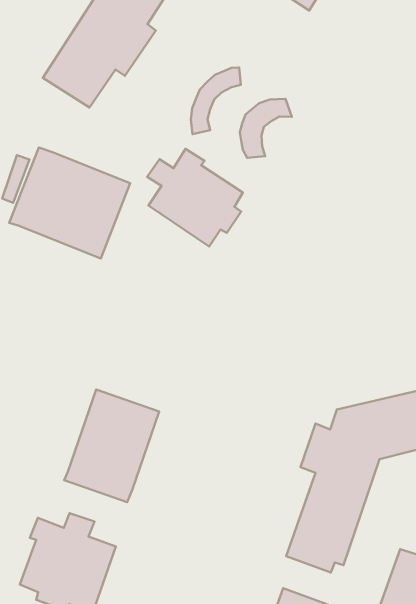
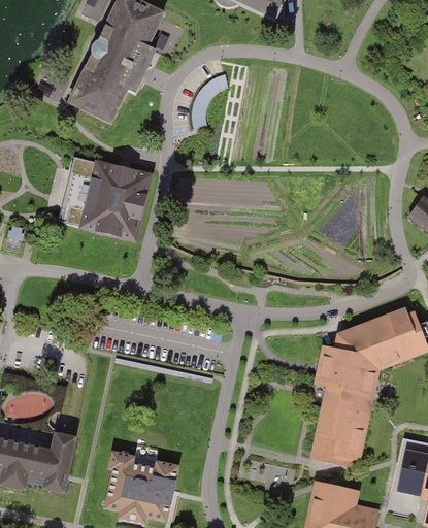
building: [240,99,292,158] -> none
building: [147,149,243,247] -> none
building: [64,390,159,502] -> none

